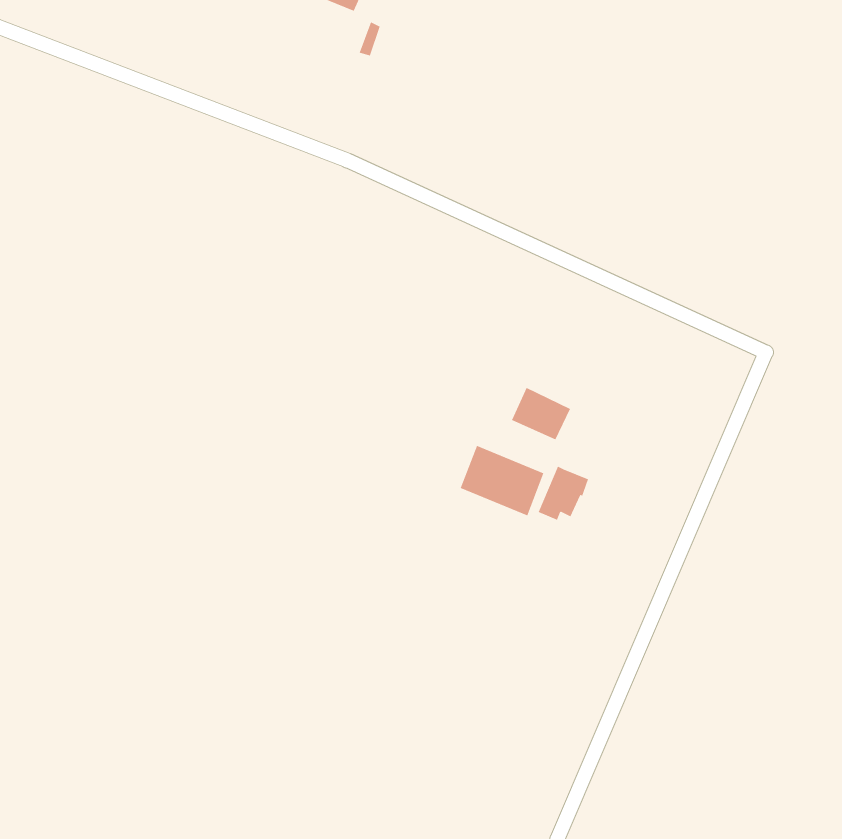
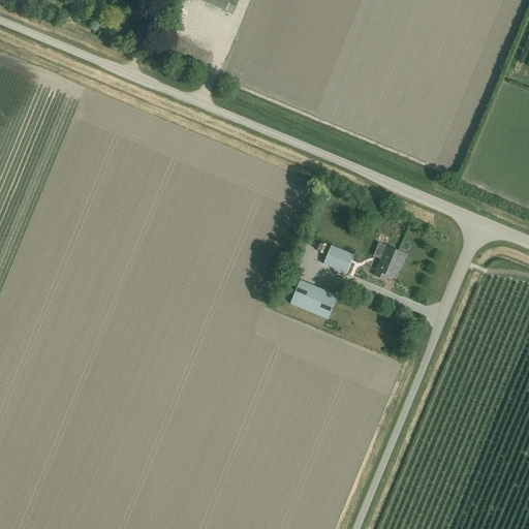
building: [538,466,589,520] -> [372,243,404,277]

